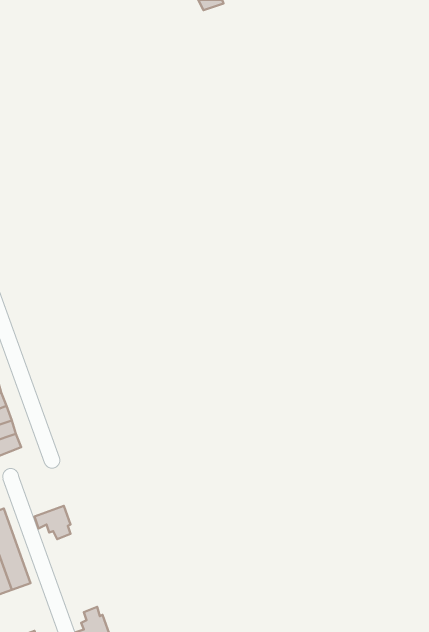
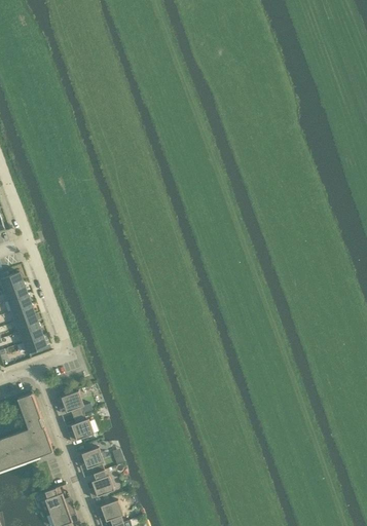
building: none -> [68,413,94,442]
building: none -> [76,448,104,474]

